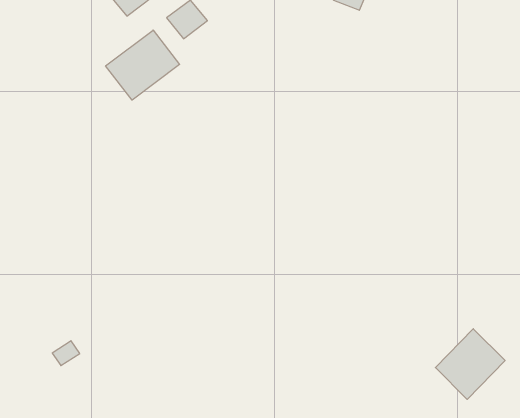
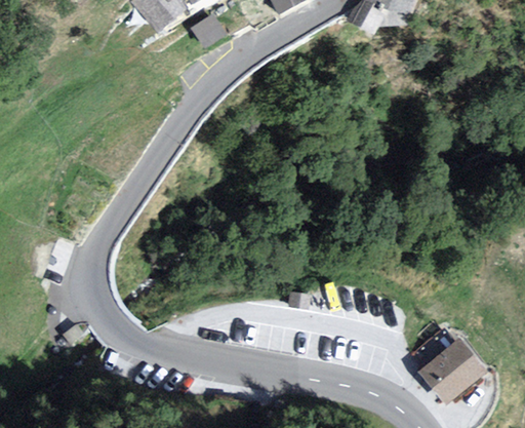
building: [106,30,180,100] -> none

